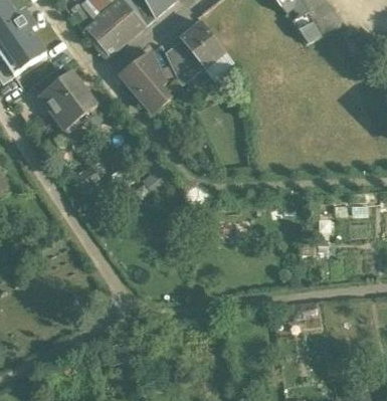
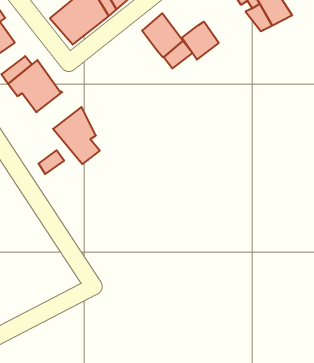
building: none -> [182,22,219,60]
building: [164,39,197,76] -> none
building: [121,52,170,113] -> [53,107,100,164]

